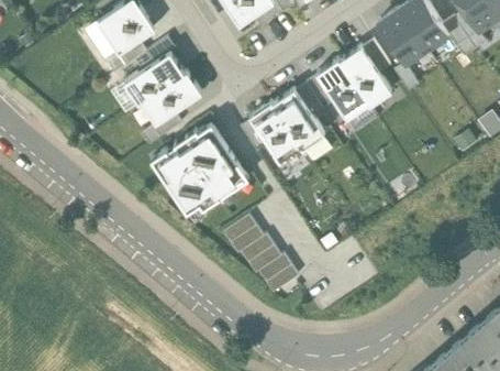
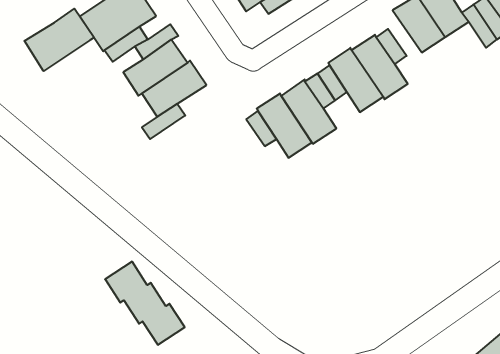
building: none -> [24,9,94,71]
building: [152,122,249,211] -> none
building: [224,215,299,293] -> [105,262,185,345]

